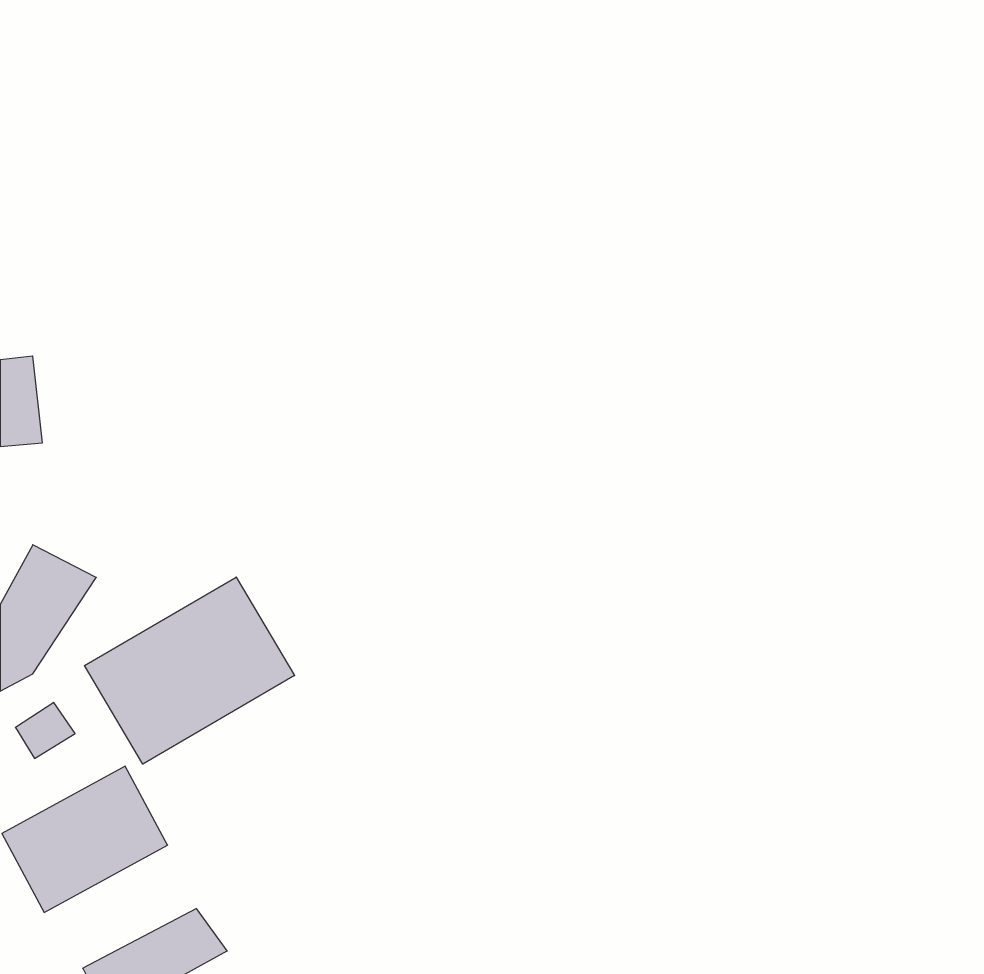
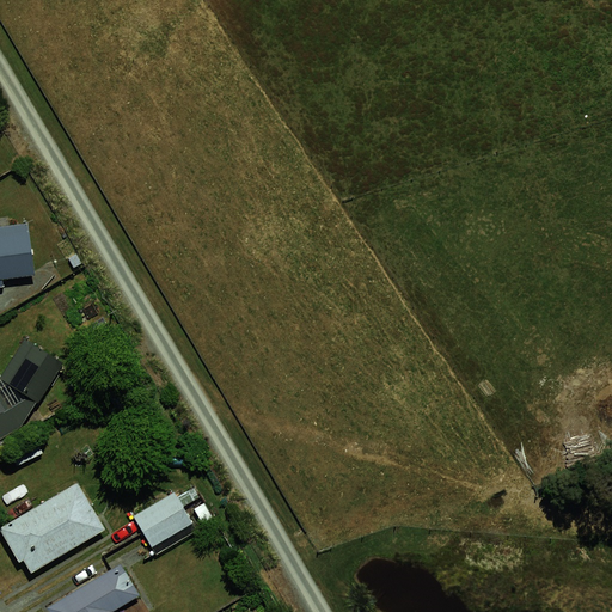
building: [84,577,295,764] -> none
building: none -> [129,490,195,547]

